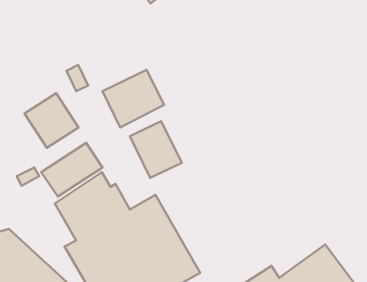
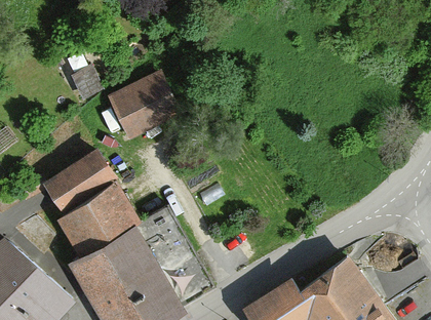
building: [24,93,79,148] -> none
building: [130,121,182,178] -> none

